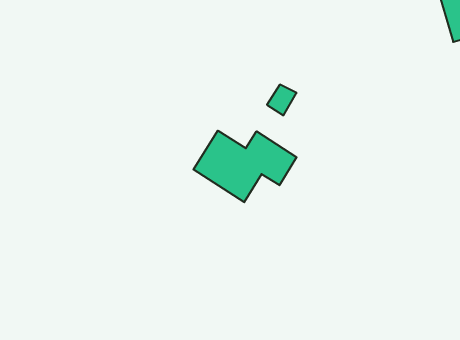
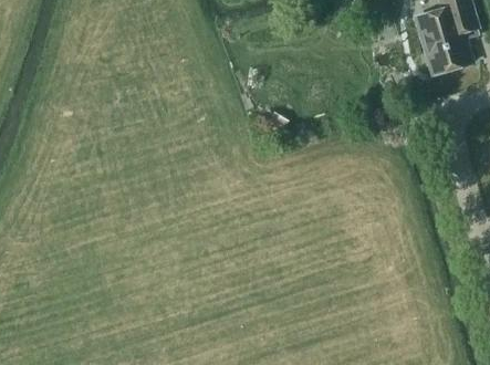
building: [193,131,297,202] -> none

